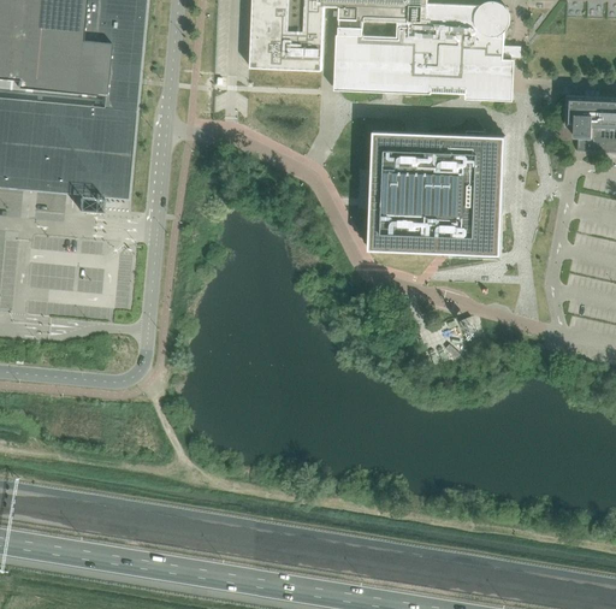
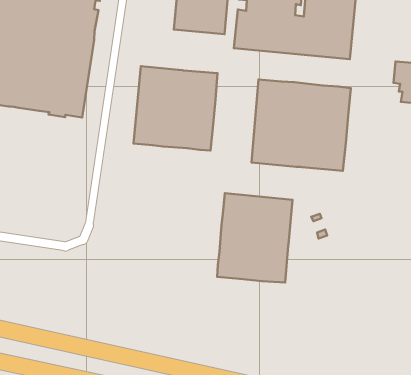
building: none -> [133,66,217,150]
building: none -> [217,193,293,283]

